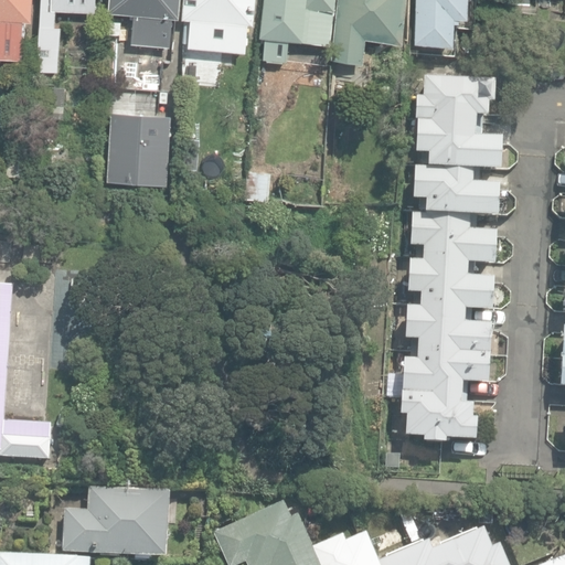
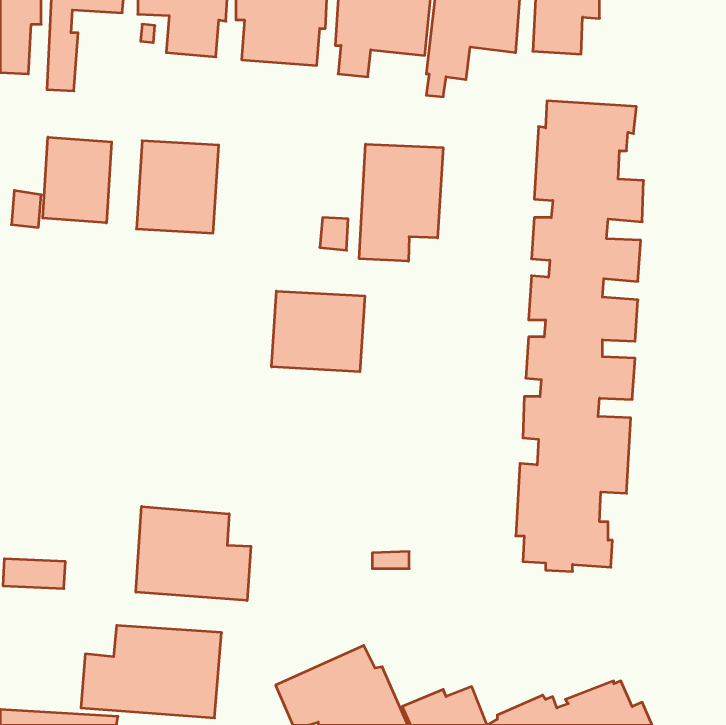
building: none -> [43,137,112,223]
building: none -> [359,144,443,261]
building: none -> [272,291,365,372]
building: none -> [136,506,251,601]

